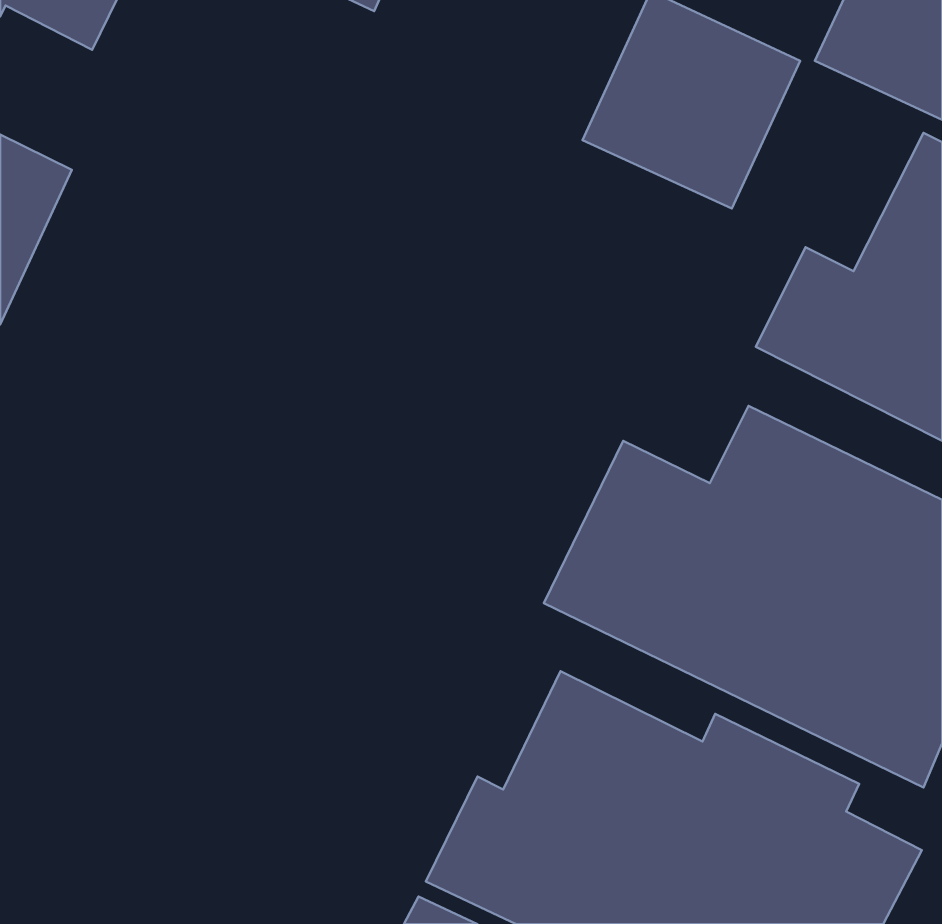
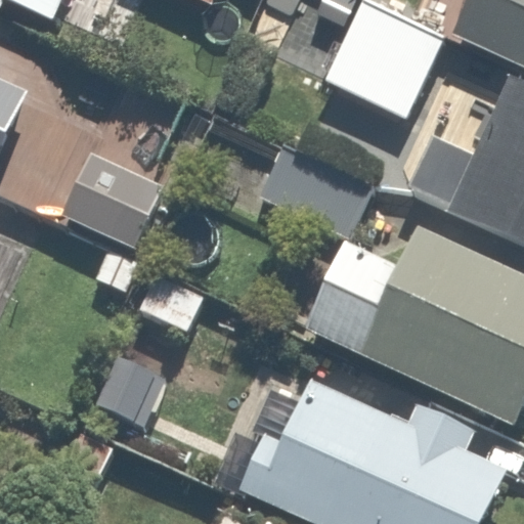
building: none -> [54,147,167,249]

